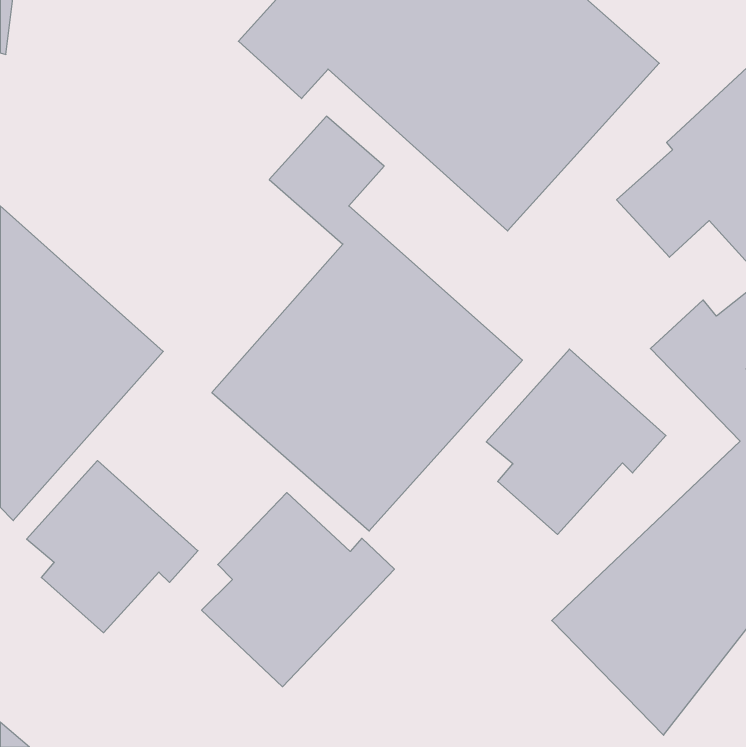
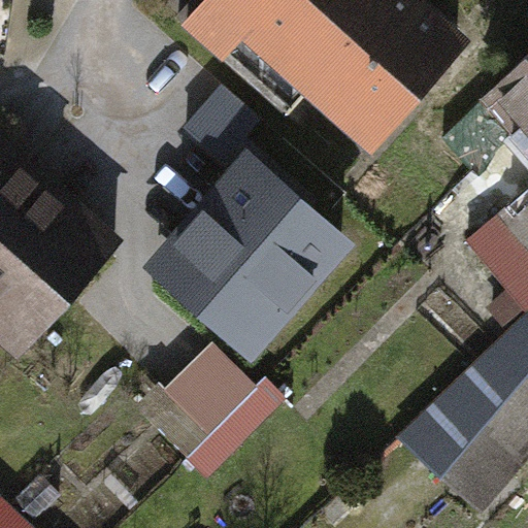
building: [486,349,666,534] -> none
building: [27,461,198,633] -> none

